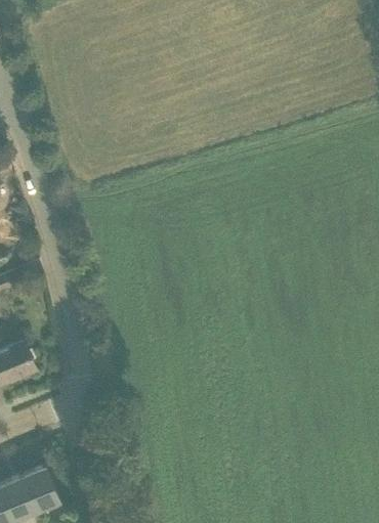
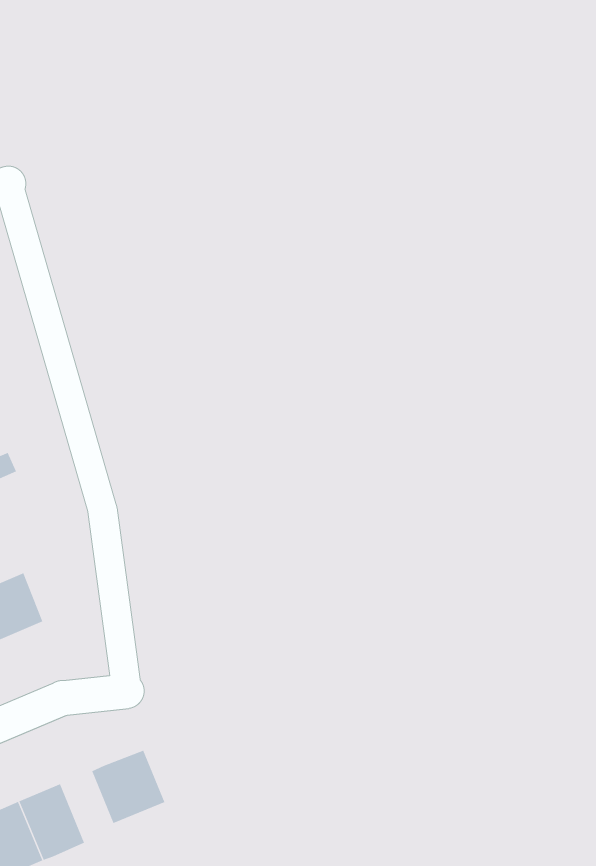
building: none -> [91,750,165,824]

